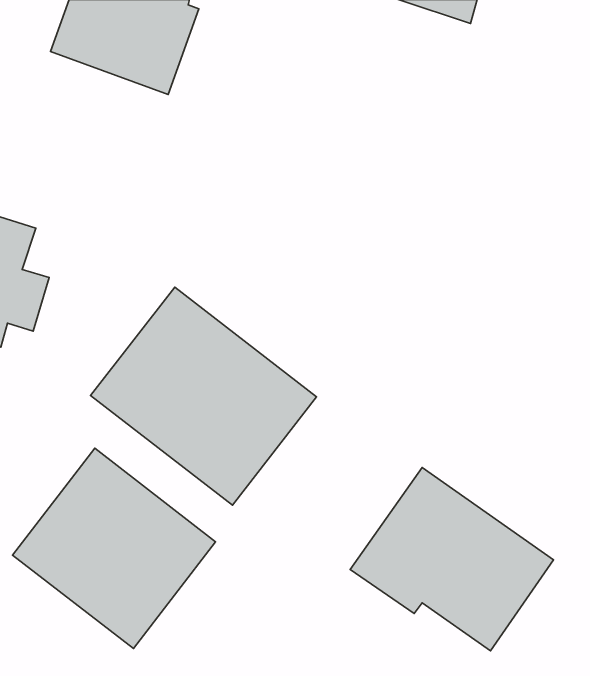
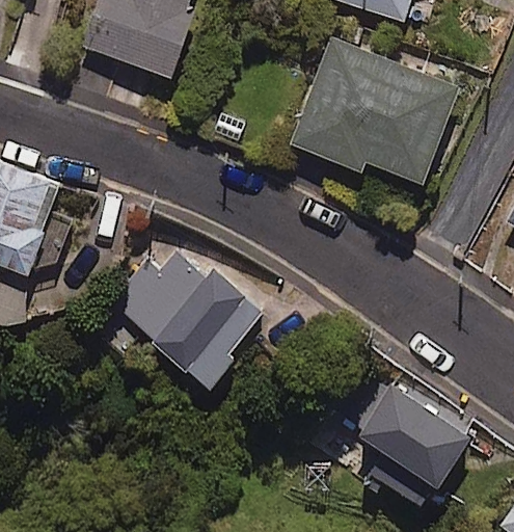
building: none -> [290,38,457,182]
building: [13,448,216,649] -> none

